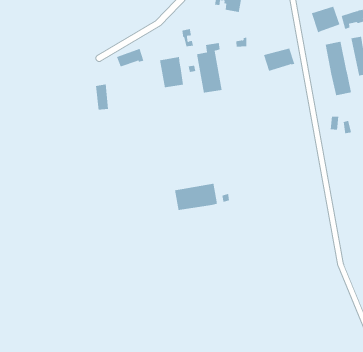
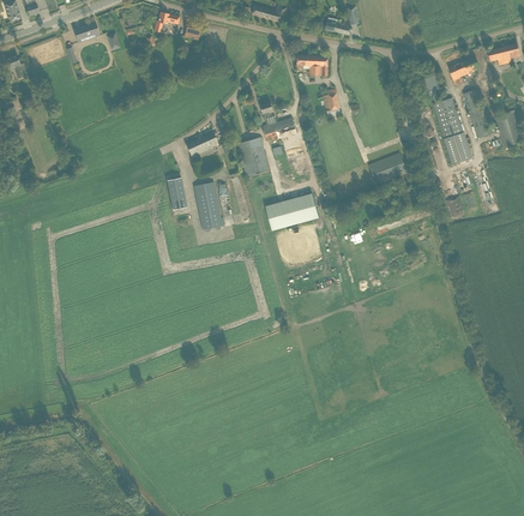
building: [311,6,340,33] -> none
building: [263,48,295,72] -> [368,152,408,184]
building: none -> [193,181,222,228]
building: [174,183,218,211] -> [265,192,319,229]

